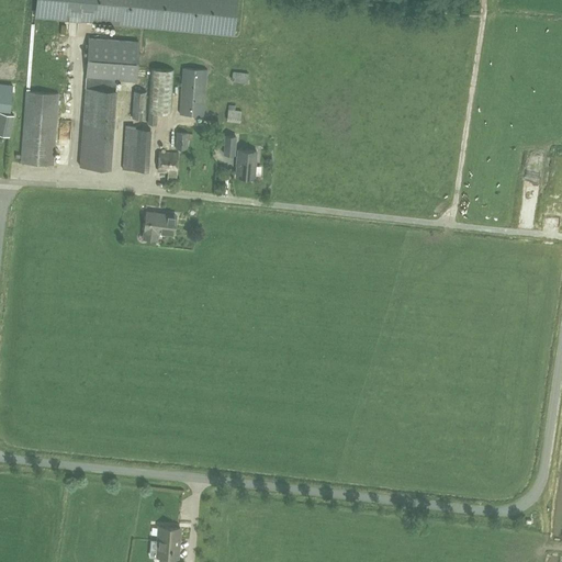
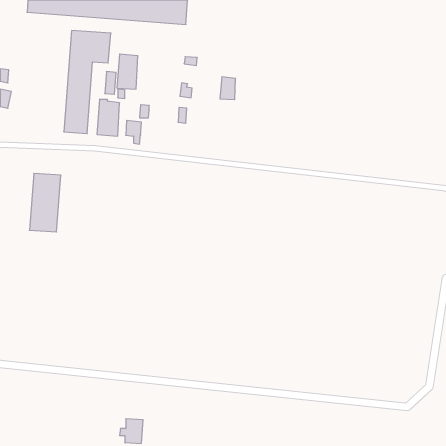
building: [179,67,207,115] -> none
building: [20,91,59,165] -> [29,173,61,232]
building: [236,148,256,177] -> [220,77,236,100]
building: [143,212,176,239] -> none

